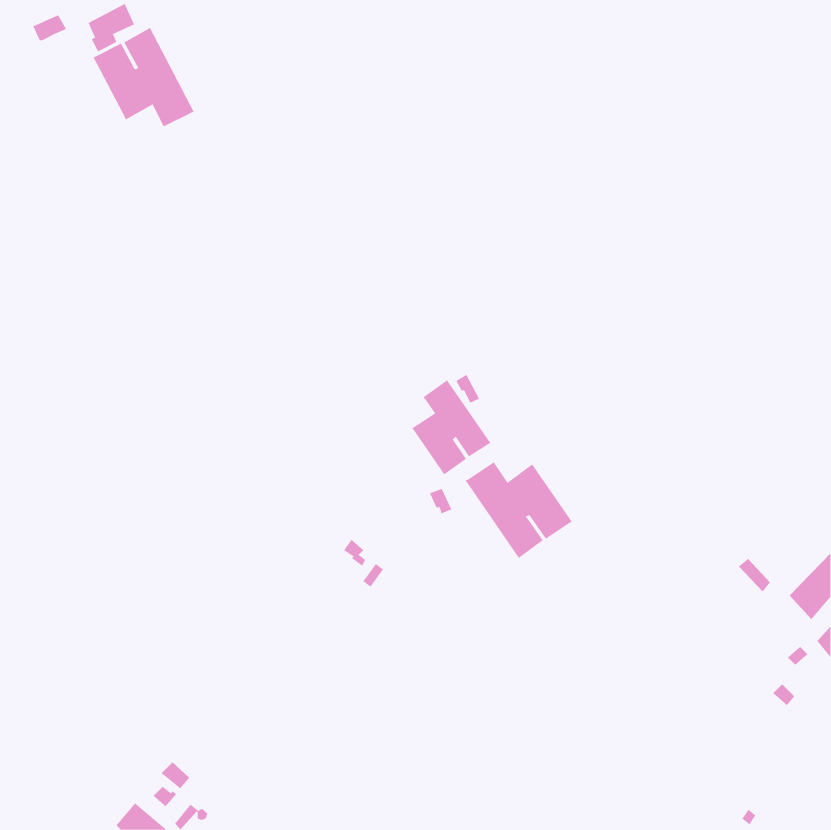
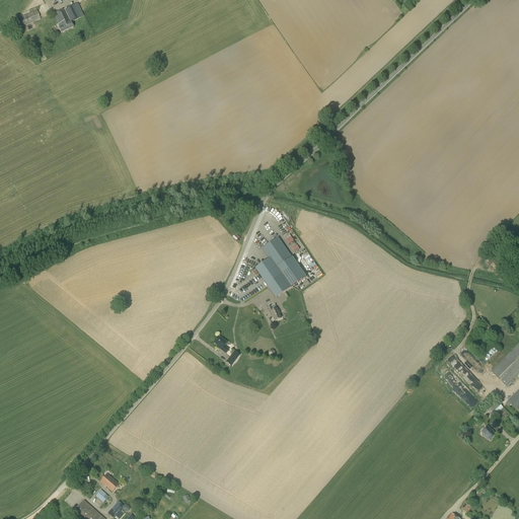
building: [93,27,194,127] -> none
building: [465,462,572,559] -> none

